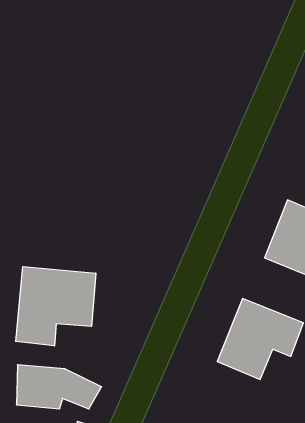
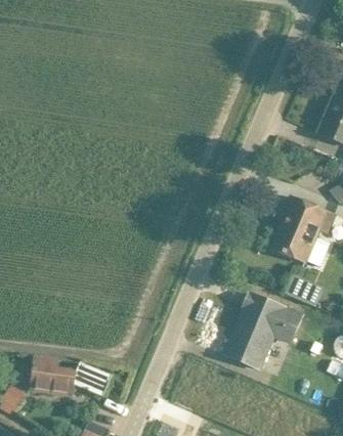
building: [16,267,96,346] -> none

